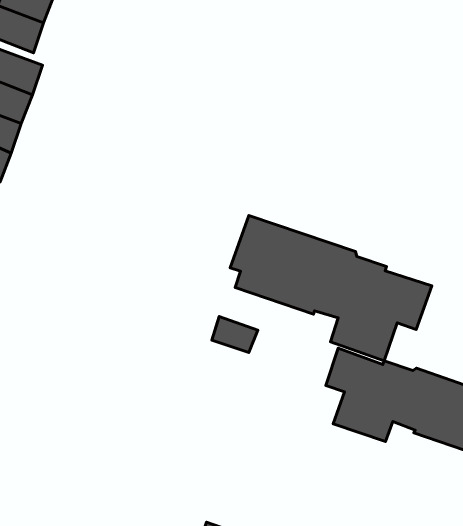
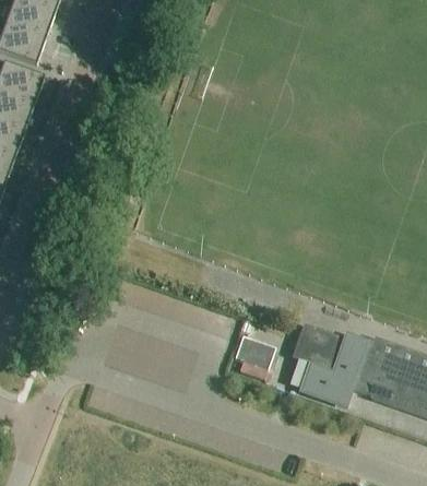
building: [230,216,432,361] -> none
building: [212,317,258,353] -> [234,334,274,366]

